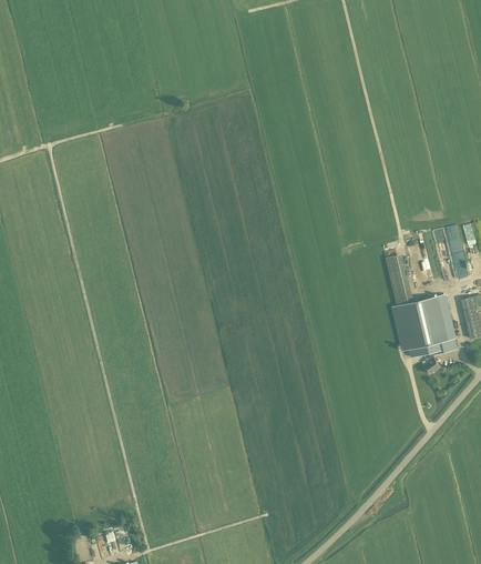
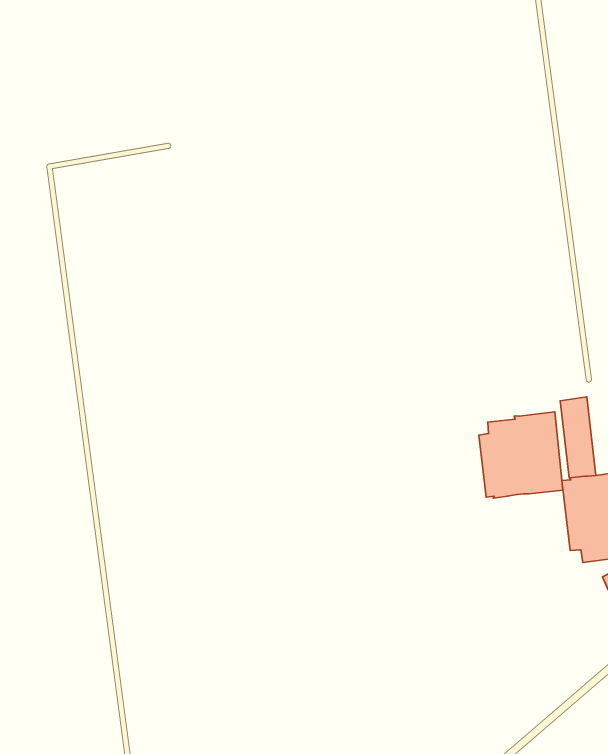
building: none -> [479,412,563,498]

